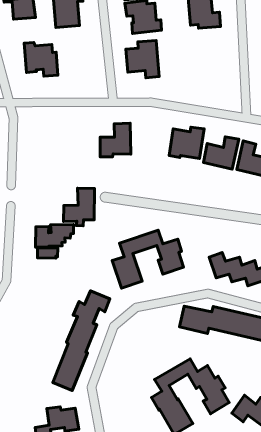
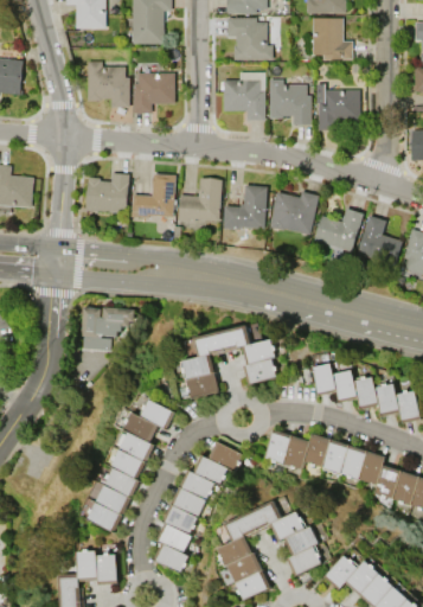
building: none -> [269,78,310,123]
building: none -> [315,83,359,129]
building: none -> [133,72,174,113]
building: none -> [85,172,129,212]
building: none -> [222,185,267,229]
building: [63,188,94,226] -> [130,173,175,224]
building: none -> [153,440,243,571]

